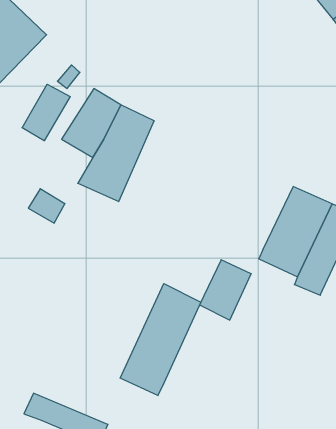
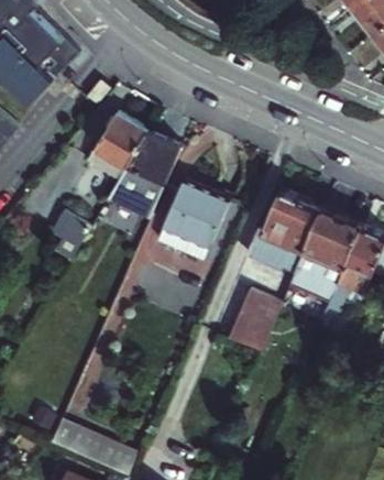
building: [22,84,70,141] -> none
building: none -> [160,177,233,257]
building: none -> [251,190,326,273]
building: [120,284,201,396] -> none

